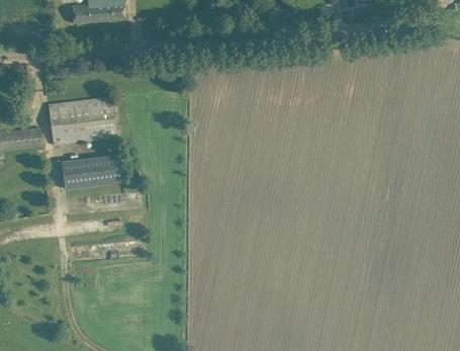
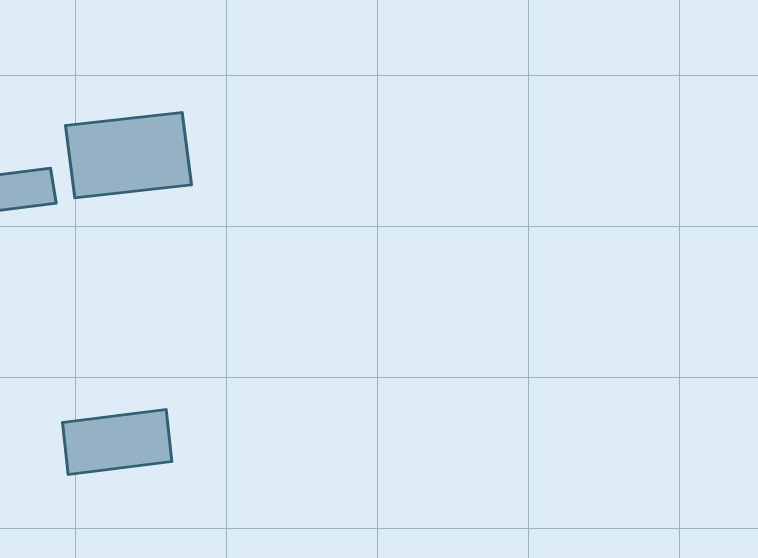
building: [62,154,121,189] -> [63,410,172,474]

